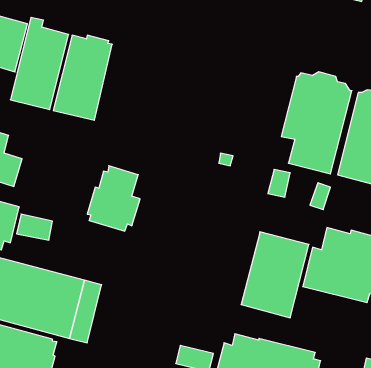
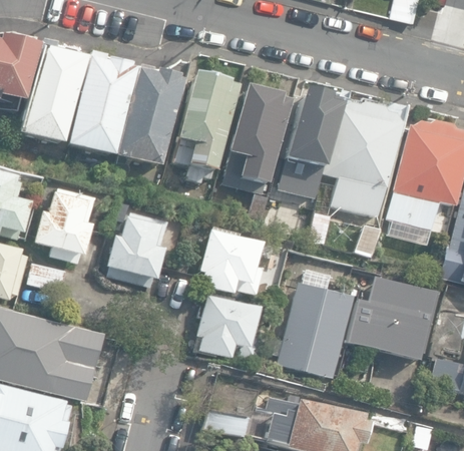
building: none -> [115,72,182,167]
building: none -> [173,74,237,181]
building: none -> [223,86,288,192]
building: none -> [274,90,340,194]
building: none -> [34,189,92,263]
building: none -> [200,228,265,292]
building: none -> [196,295,260,360]

